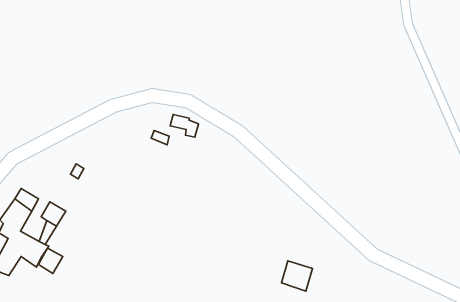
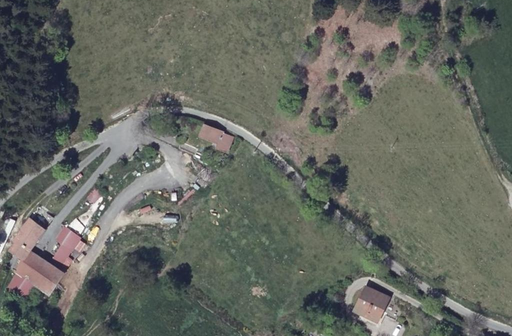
building: [38,248,63,274] -> none
building: [281,261,313,291] -> [351,289,384,321]

